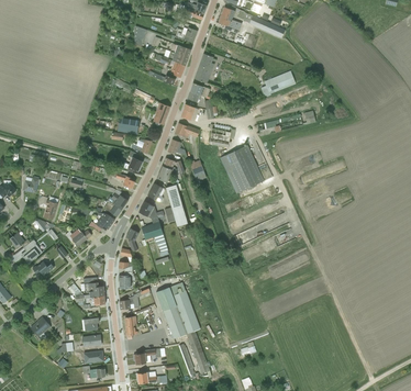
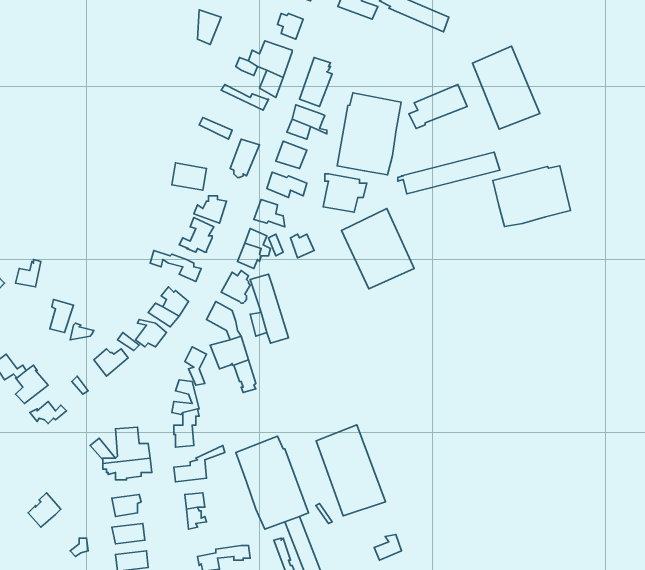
building: none -> [473,46,540,129]
building: none -> [337,93,401,175]
building: none -> [493,166,570,227]
building: none -> [316,425,385,516]

